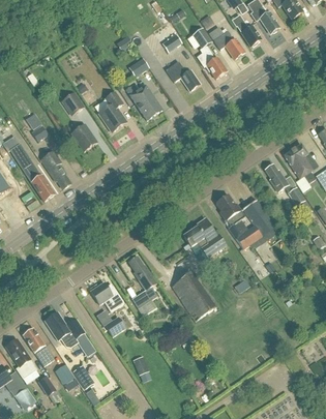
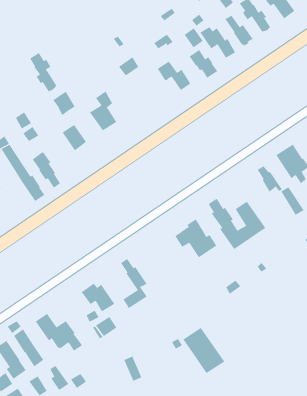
building: none -> [29,52,57,93]
building: [125,85,162,120] -> none
building: [171,274,213,321] -> [182,327,225,374]

